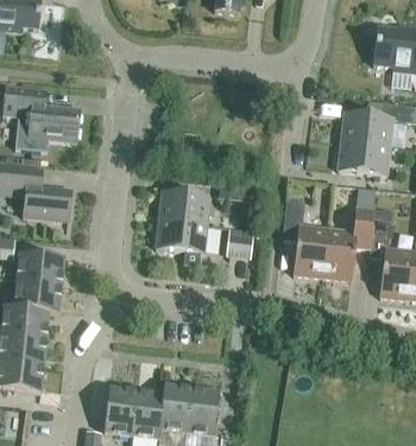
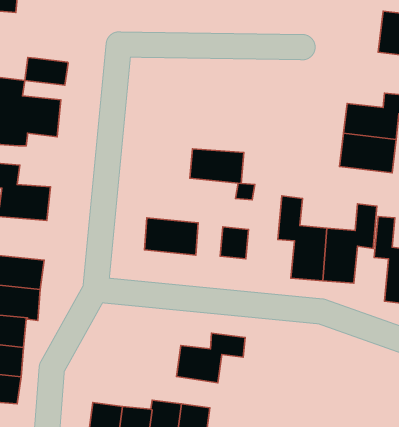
building: none -> [25,57,68,85]
building: [159,191,209,223] -> [190,149,244,183]
building: none -> [177,333,245,383]

